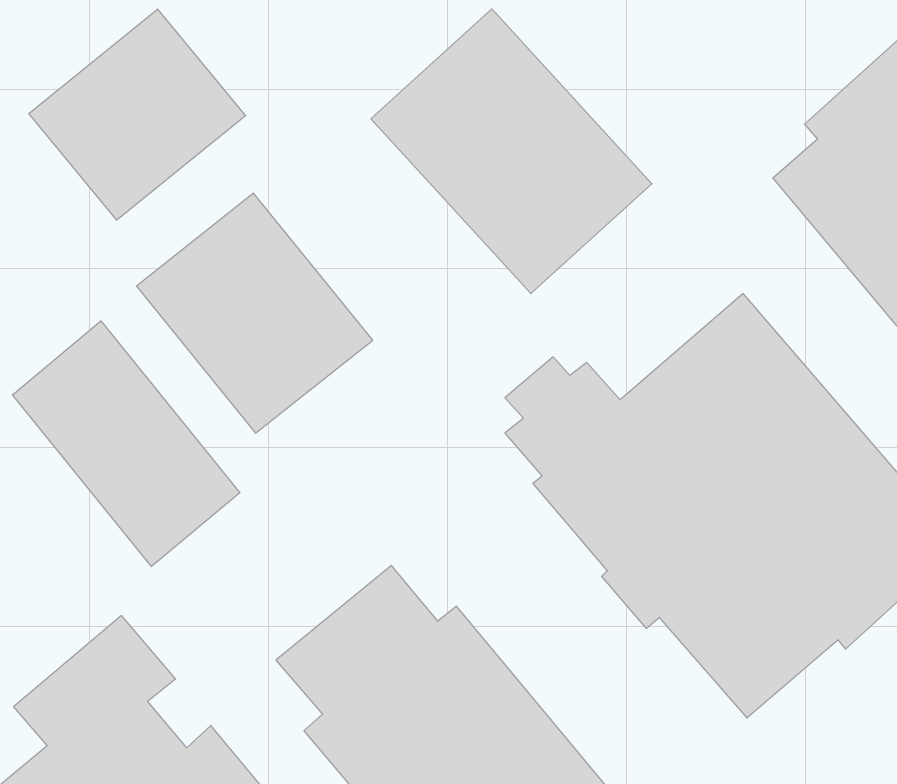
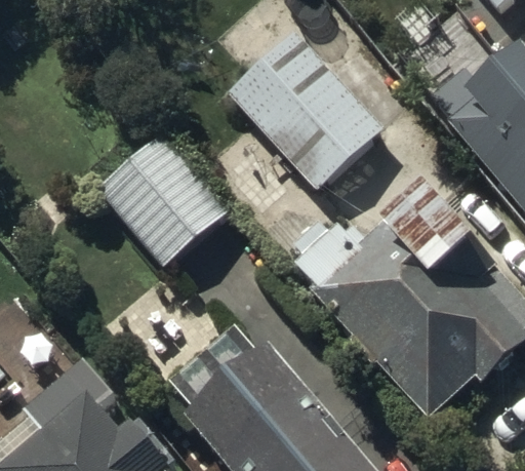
building: [29,9,245,220] -> none
building: [12,321,240,567] -> none

